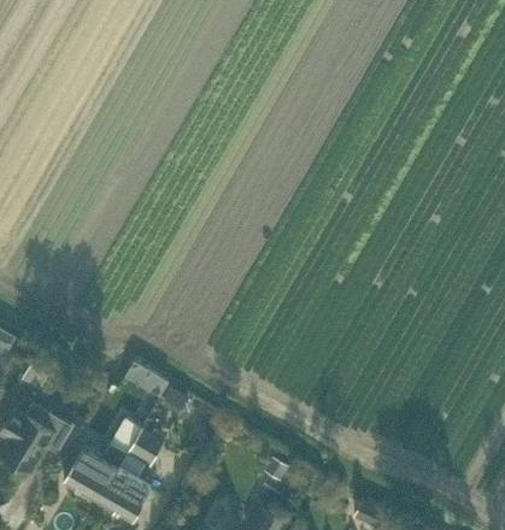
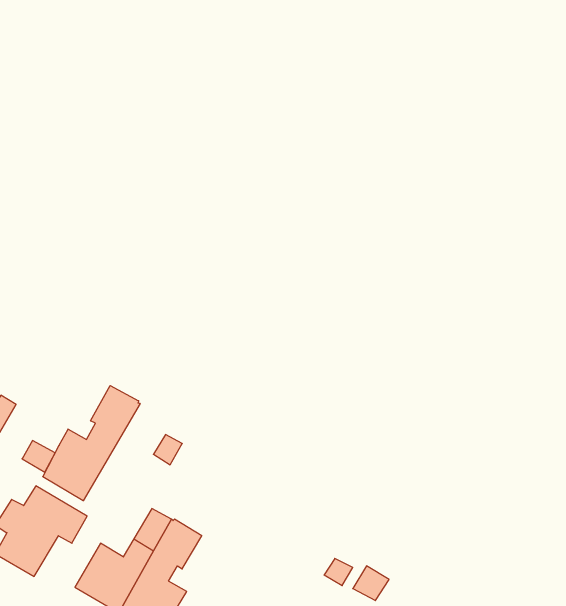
building: none -> [43,386,140,501]

